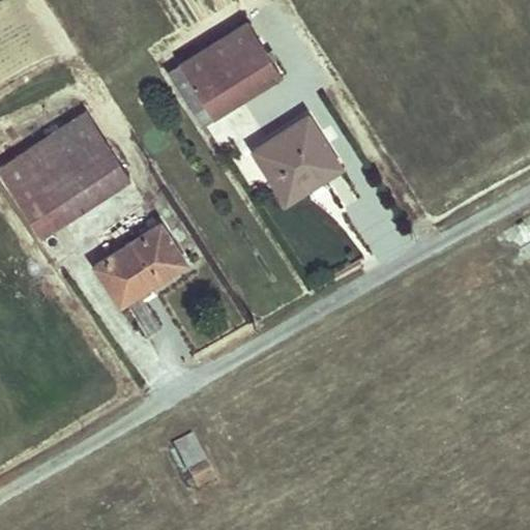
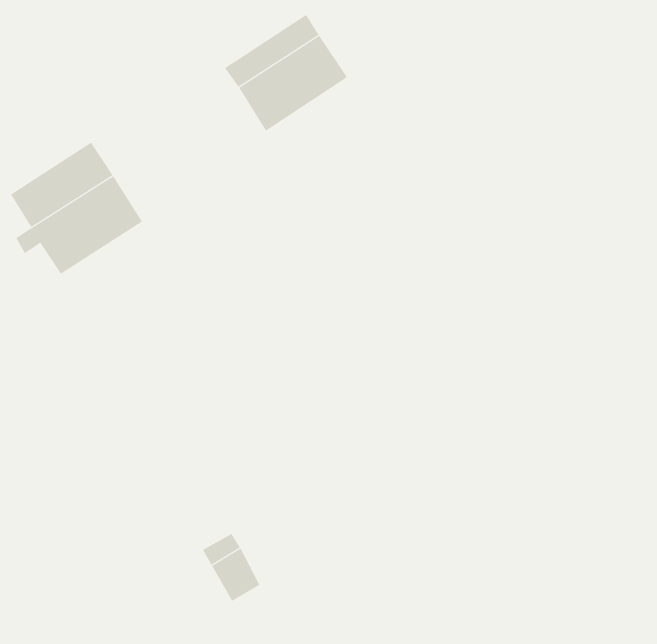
building: [253,118,341,198] -> none
building: [95,233,179,308] -> none

